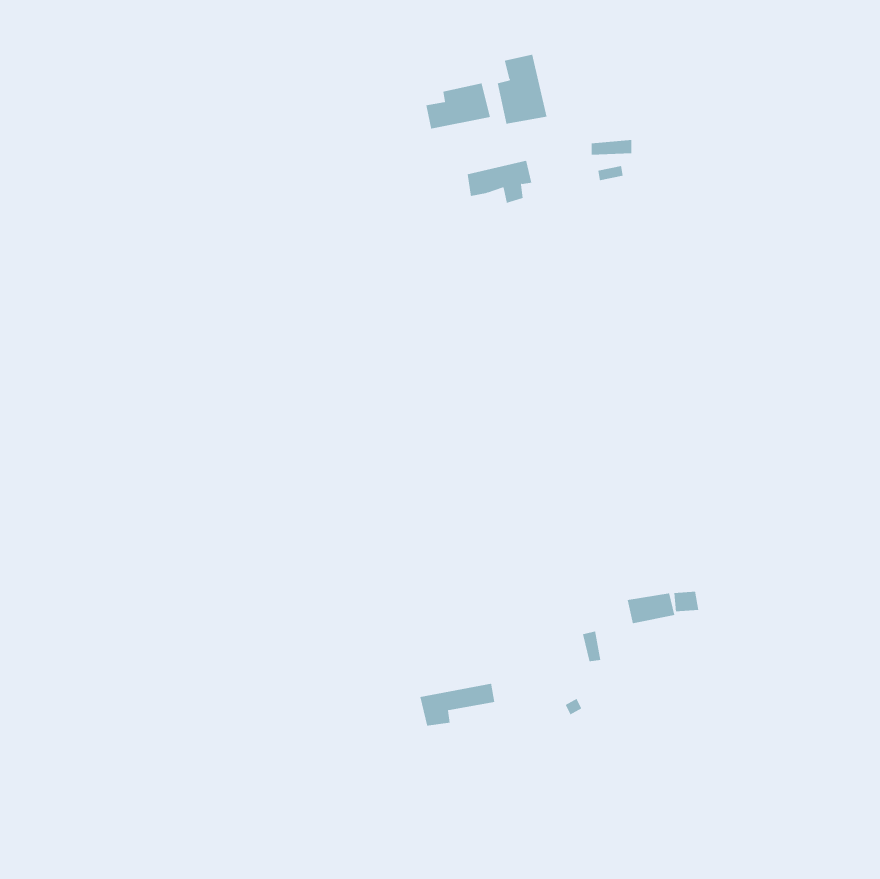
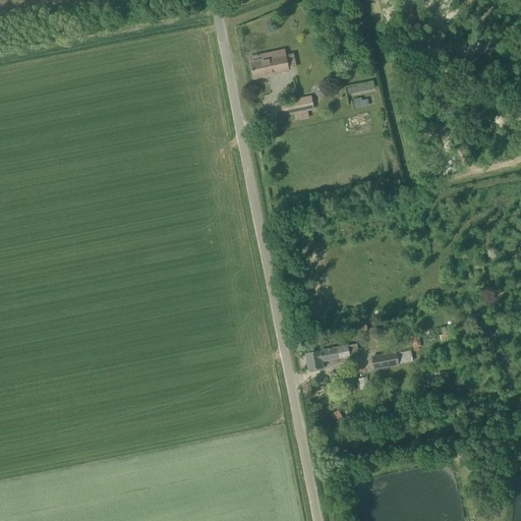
building: [497,54,547,125] -> none
building: [419,683,495,726] -> [305,344,350,369]

